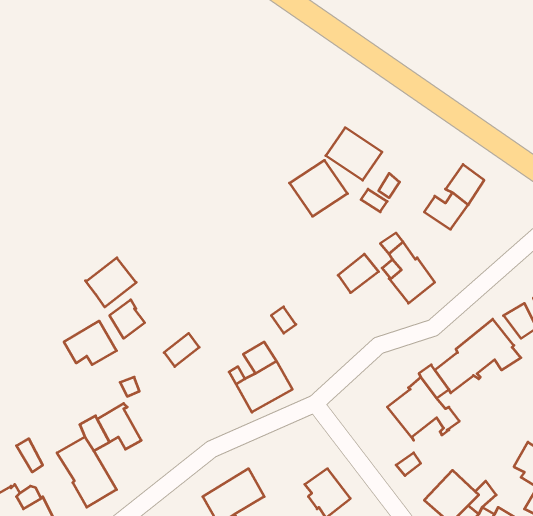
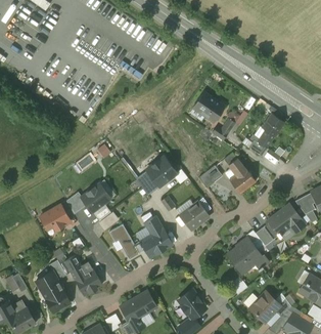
building: [289,160,348,216] -> [145,157,179,190]
building: [85,258,136,307] -> [80,184,109,213]
building: none -> [179,202,209,231]
building: none -> [108,224,139,261]
building: none -> [74,269,101,296]

